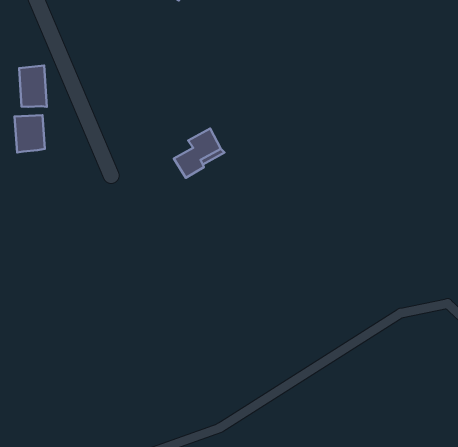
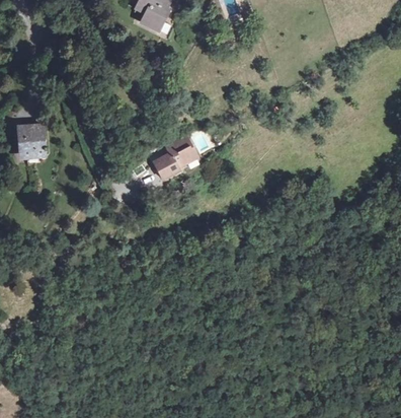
building: [19,66,47,107] -> none

